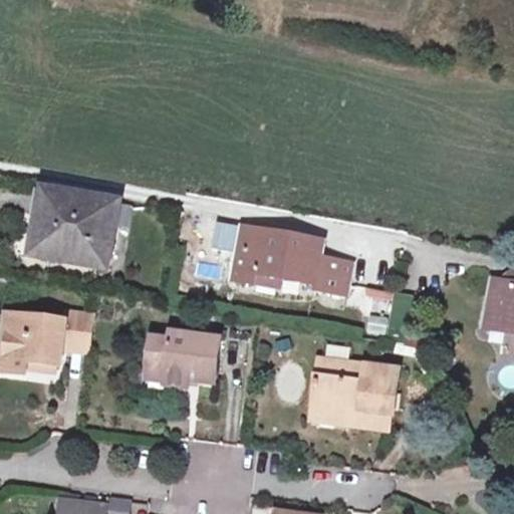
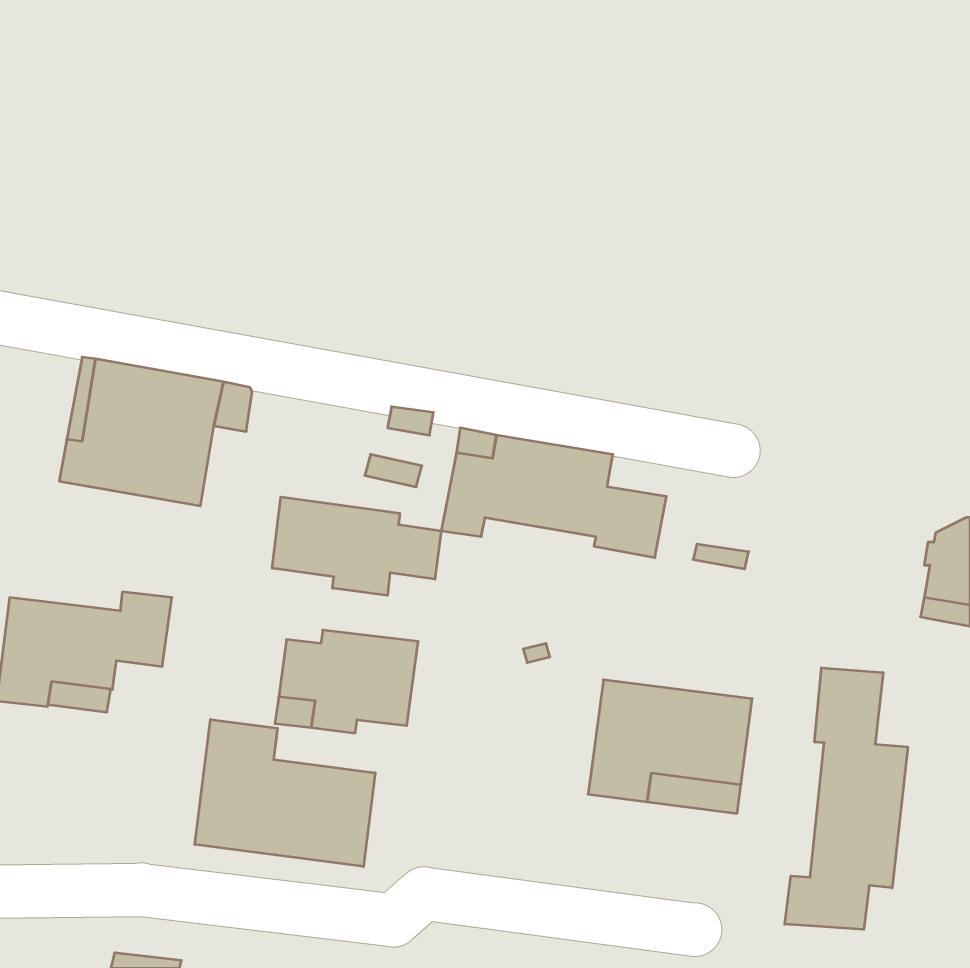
building: none -> [272,497,441,595]
building: none -> [785,668,908,929]
building: none -> [195,719,375,867]

